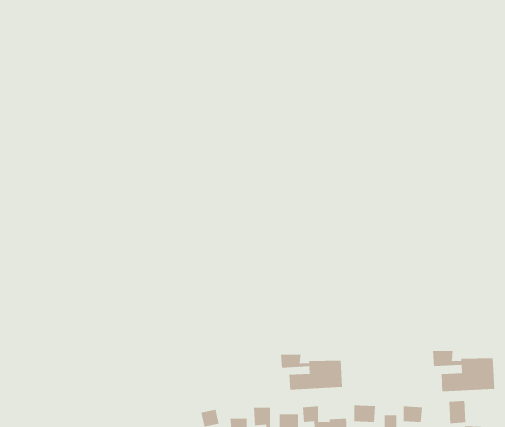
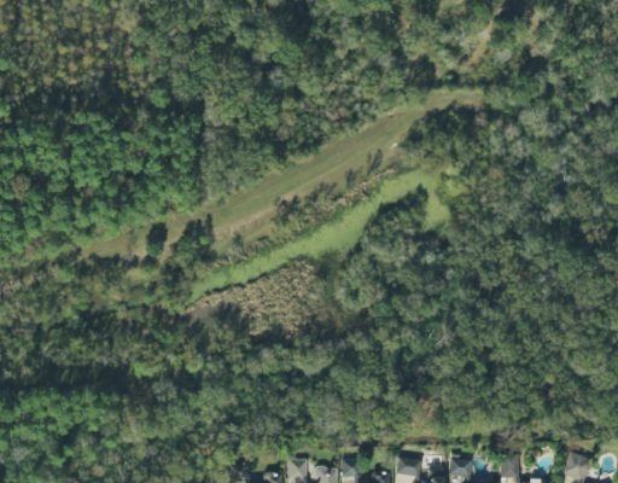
building: [433,350,495,392] -> none
building: [281,354,343,391] -> none

